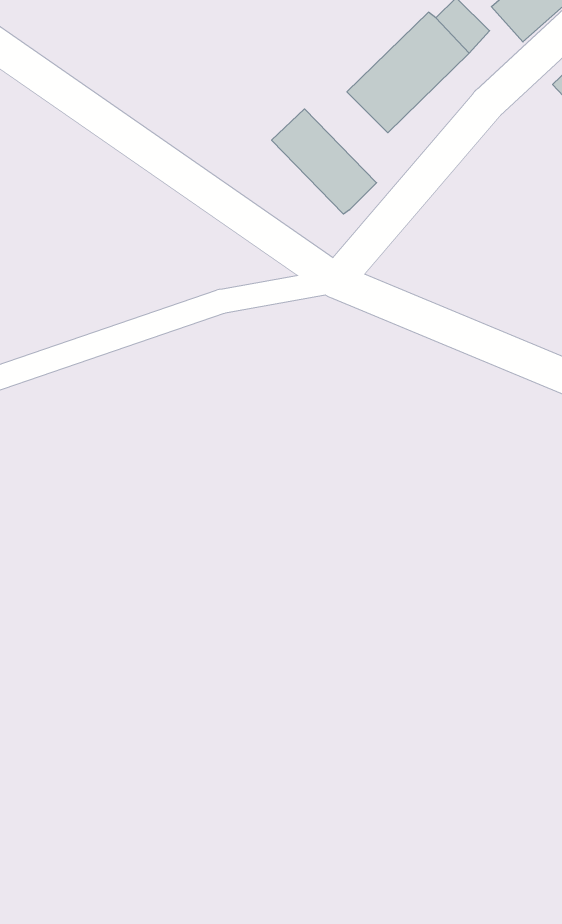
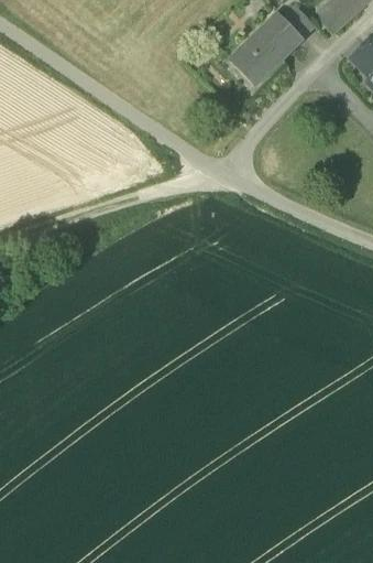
building: [272,109,377,214] -> none

